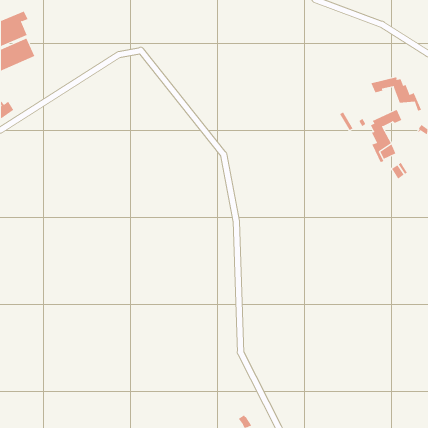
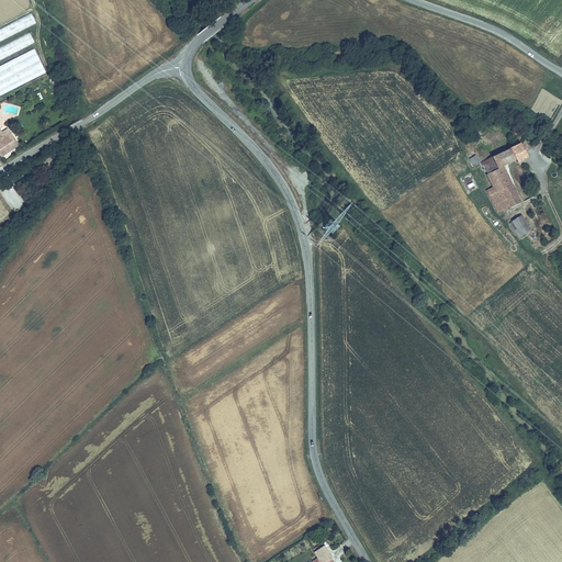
building: [370,77,422,111] -> none

